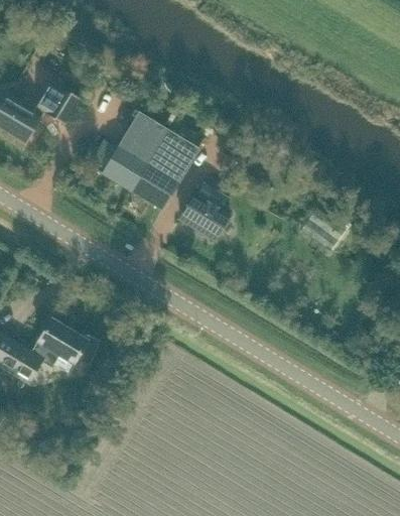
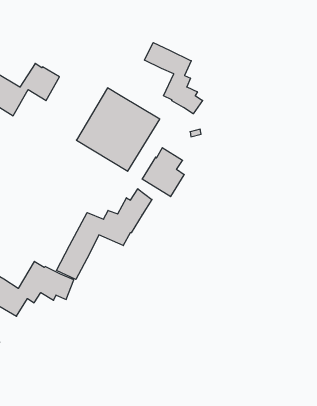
building: none -> [145,43,203,114]
building: none -> [56,189,152,279]

